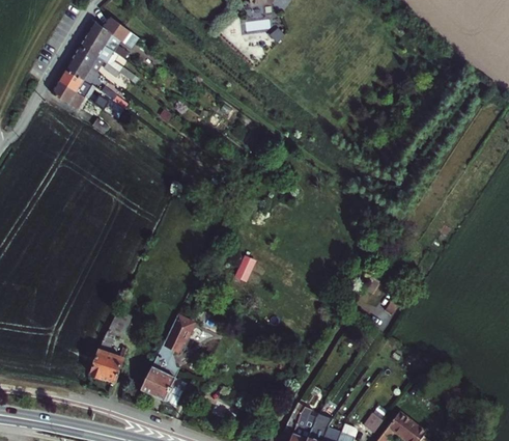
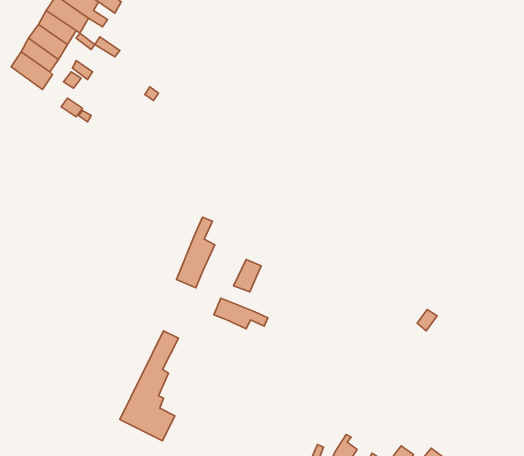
building: none -> [176,217,215,288]
building: none -> [214,298,268,329]
building: [91,330,129,380] -> none

